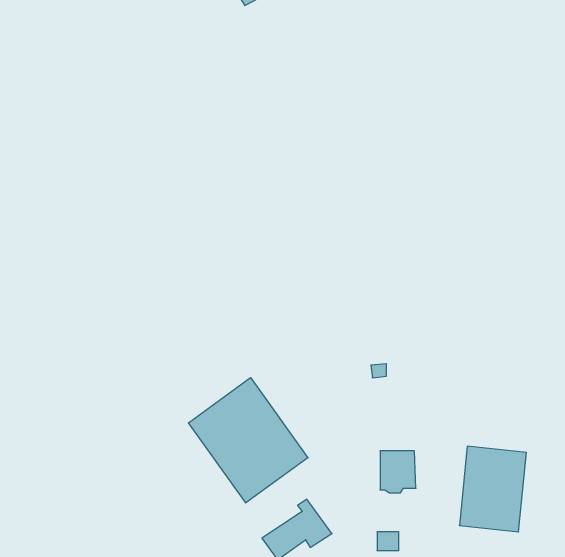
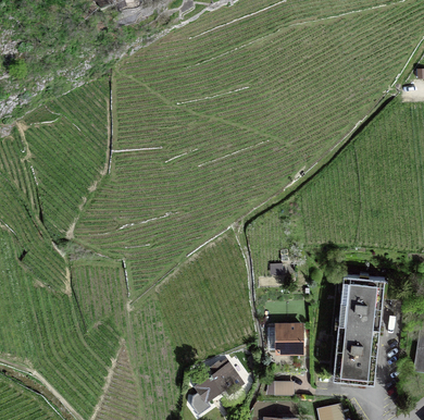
building: [188,378,308,503] -> none
building: none -> [339,273,386,325]

